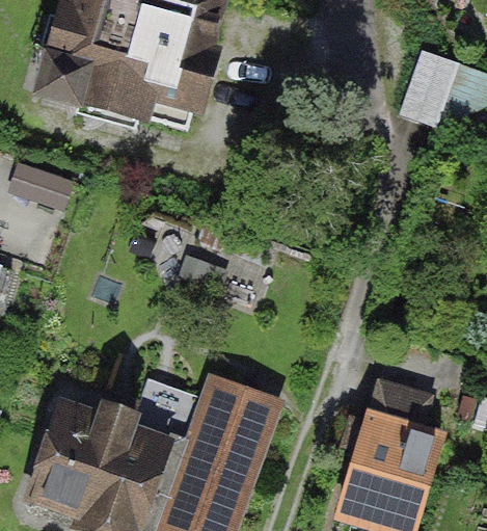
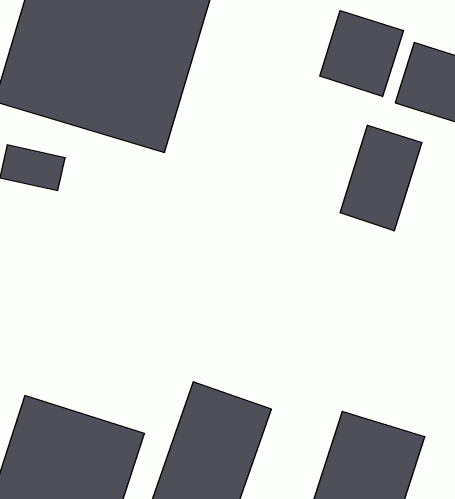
building: none -> [320,11,403,97]
building: none -> [340,125,422,231]

